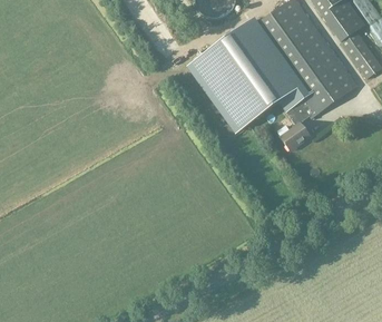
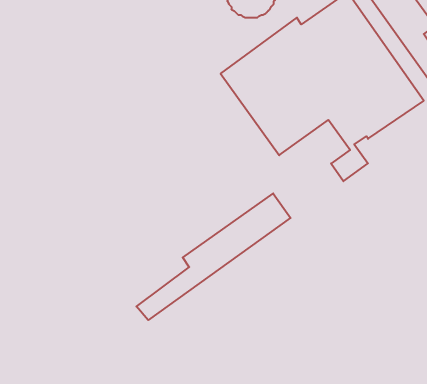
building: none -> [136,193,291,320]

